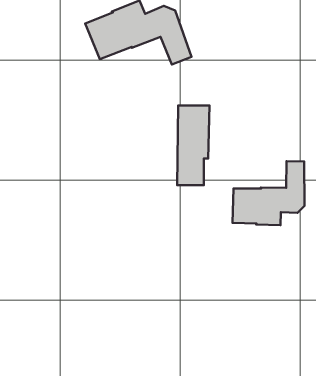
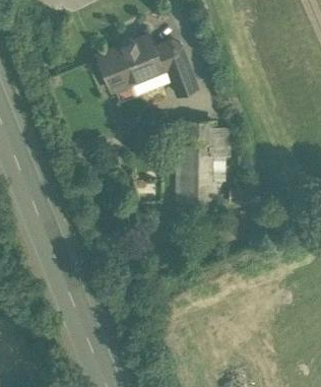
building: [232,161,305,225] -> none

